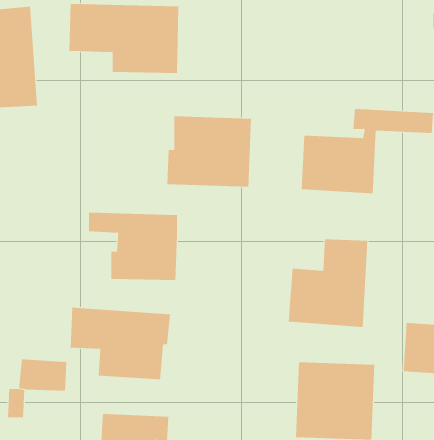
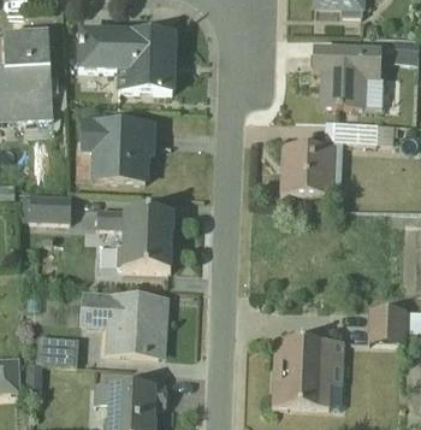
building: none -> [314,47,380,106]
building: [166,116,252,187] -> [75,120,148,182]
building: none -> [30,192,71,222]
building: [288,238,368,328] -> none

